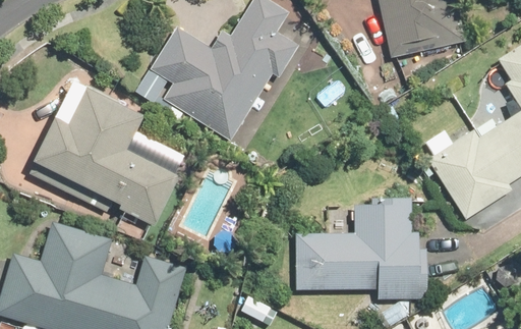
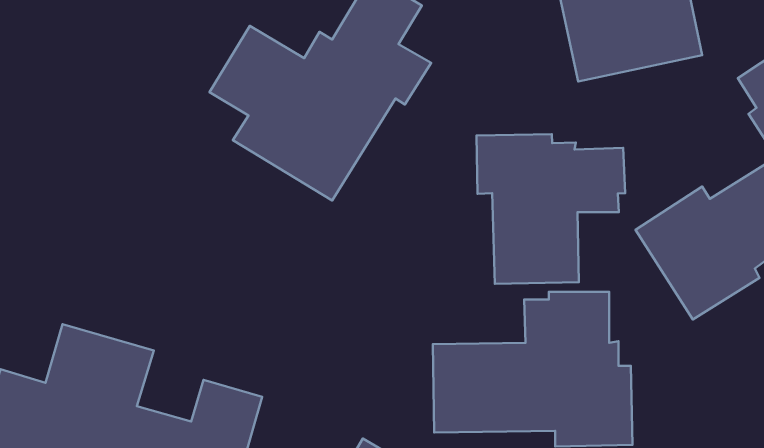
building: [26,87,177,226] -> none
building: none -> [476,134,625,284]

